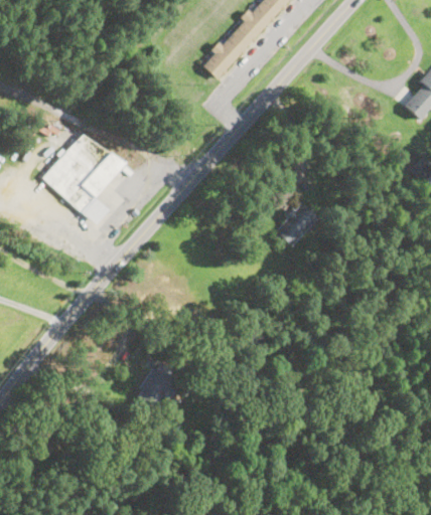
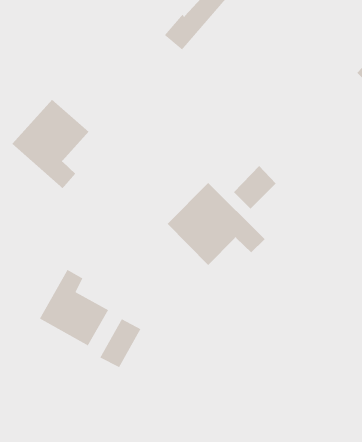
building: none -> [167,182,265,266]
building: none -> [39,269,109,346]

